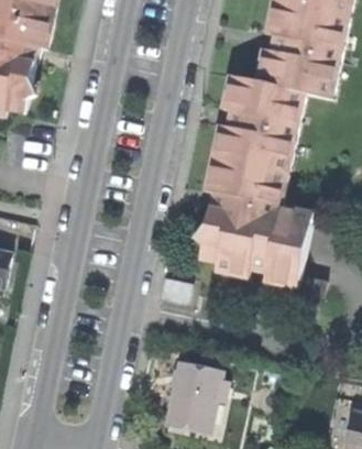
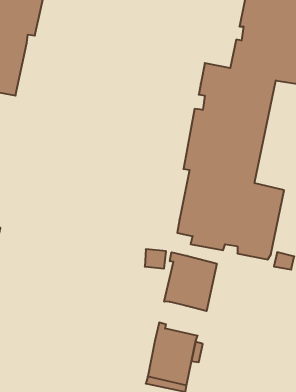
building: none -> [164,252,217,311]

